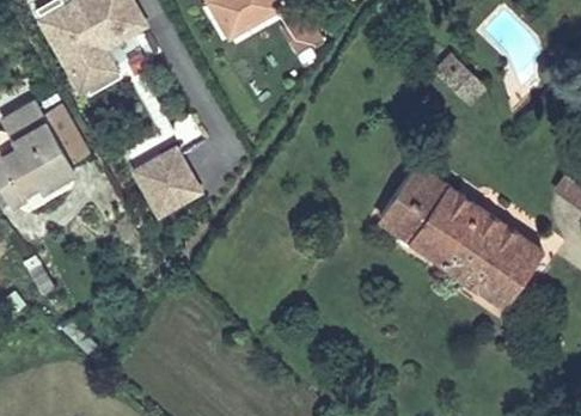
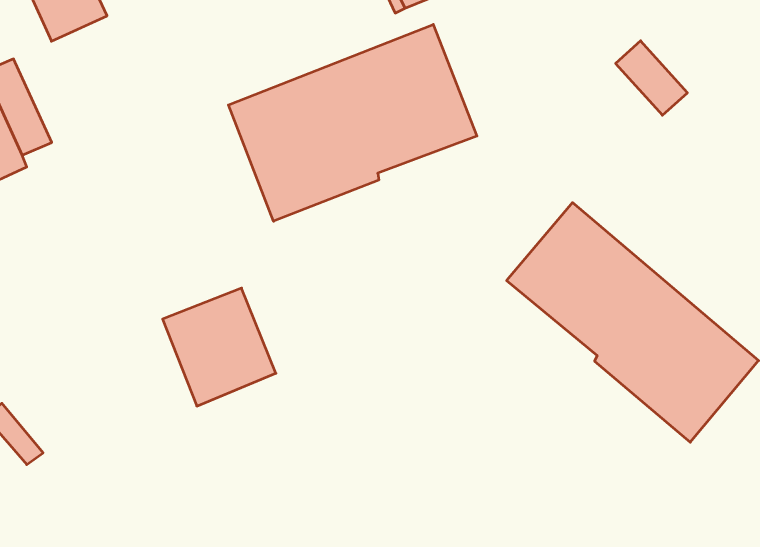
building: none -> [228,24,477,221]
building: [130,143,204,220] -> [163,288,276,406]

